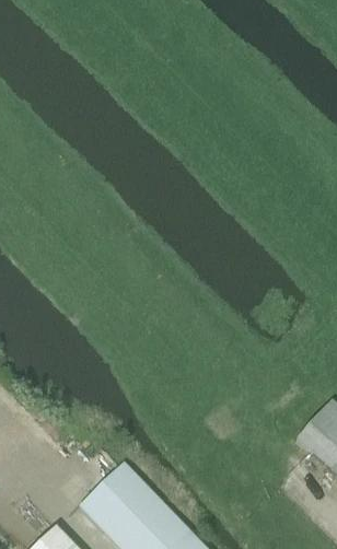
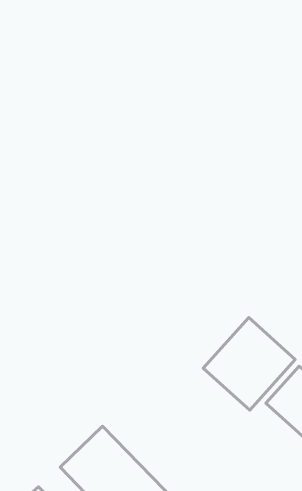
building: none -> [203,317,295,410]

